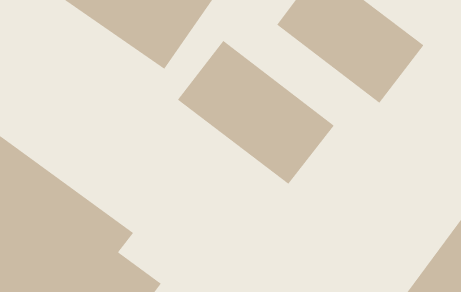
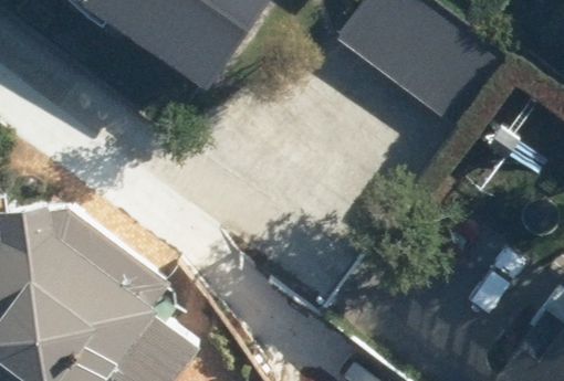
building: [177,40,335,185] -> none

